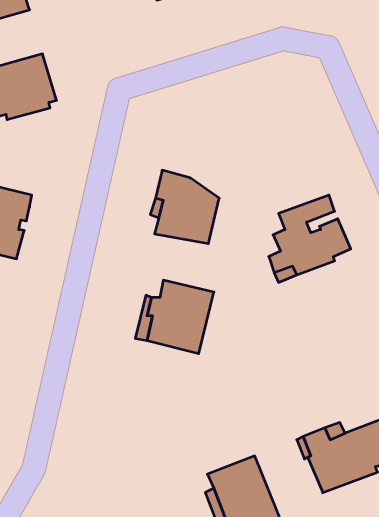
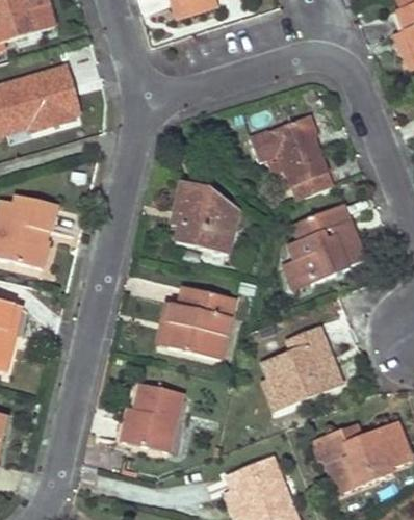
building: none -> [251,115,331,199]
building: none -> [263,326,340,409]
building: none -> [121,384,180,451]

